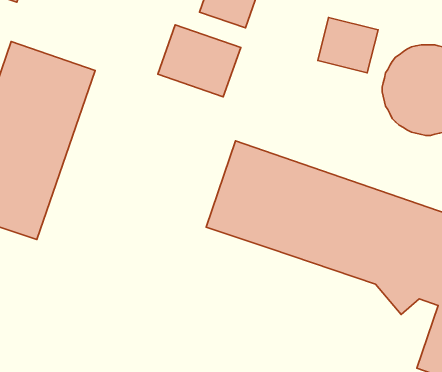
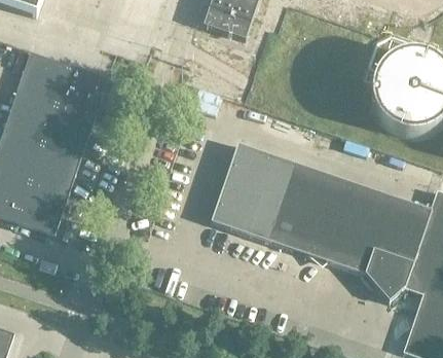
building: [318,18,378,73] -> none
building: [158,25,241,97] -> none

